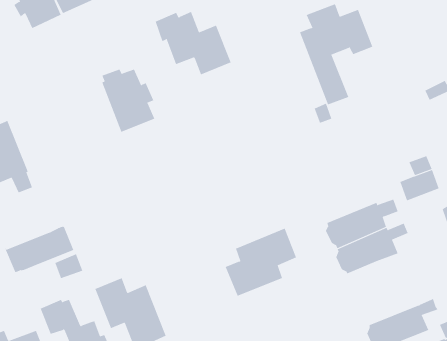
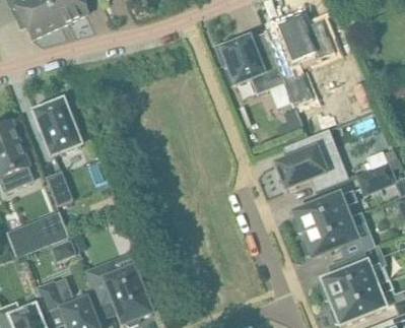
building: [155,11,231,75] -> [216,37,284,93]
building: [101,69,155,133] -> [33,100,81,156]
building: none -> [47,171,73,205]
building: [225,228,297,296] -> [274,128,338,189]
building: none -> [320,244,389,303]

